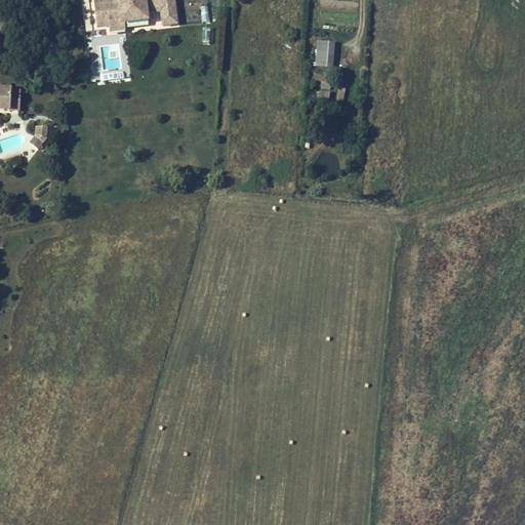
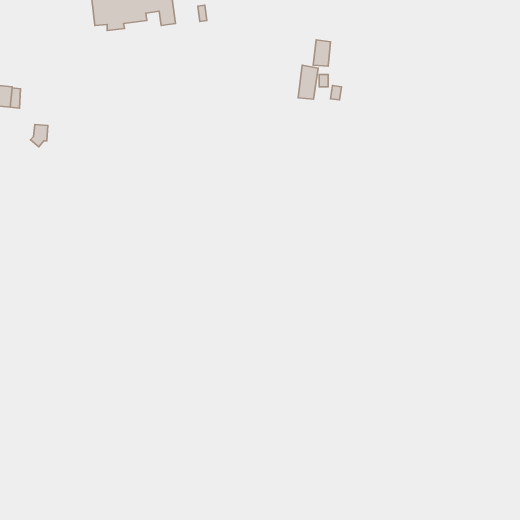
building: none -> [298,65,318,99]

